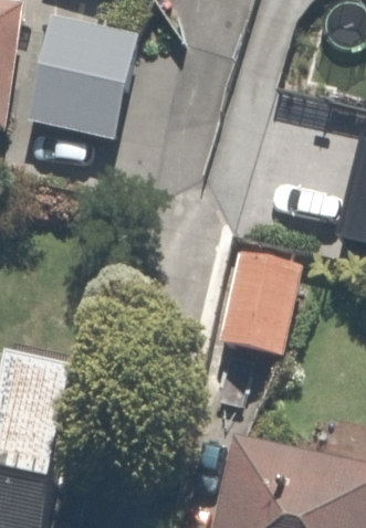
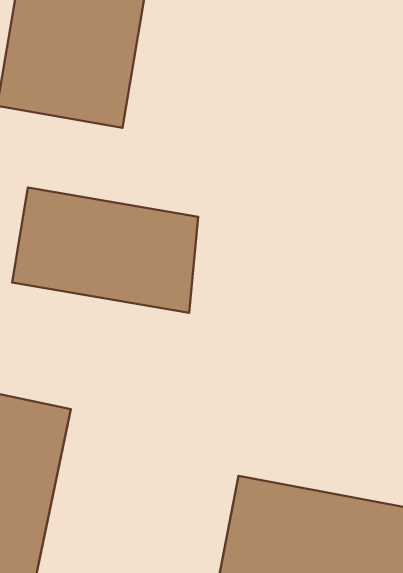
building: none -> [12,187,198,313]
building: [208,256,307,359] -> none

